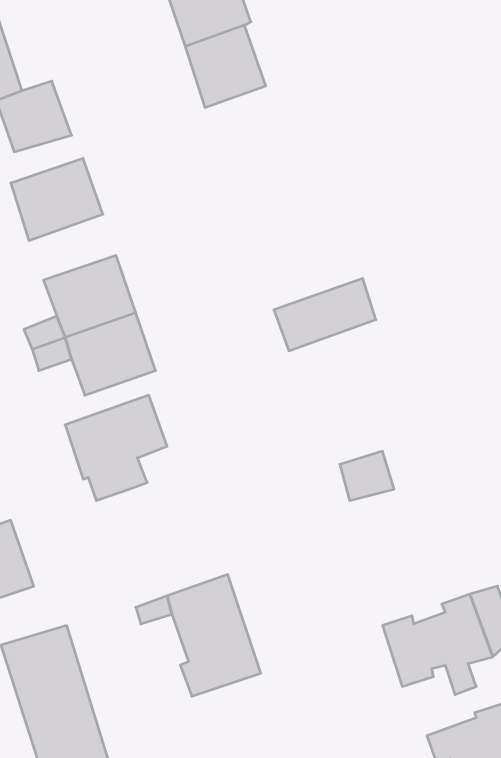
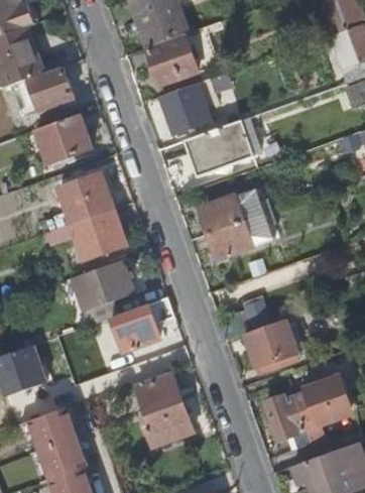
building: none -> [159,79,215,132]
building: none -> [182,121,251,176]
building: none -> [208,215,270,258]
building: none -> [110,298,174,353]
building: none -> [244,319,296,368]

